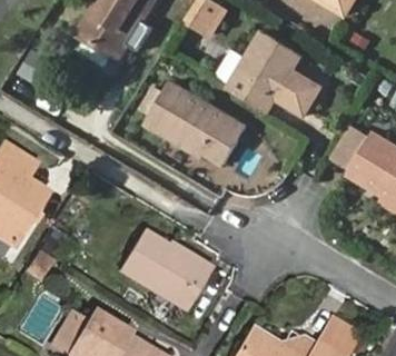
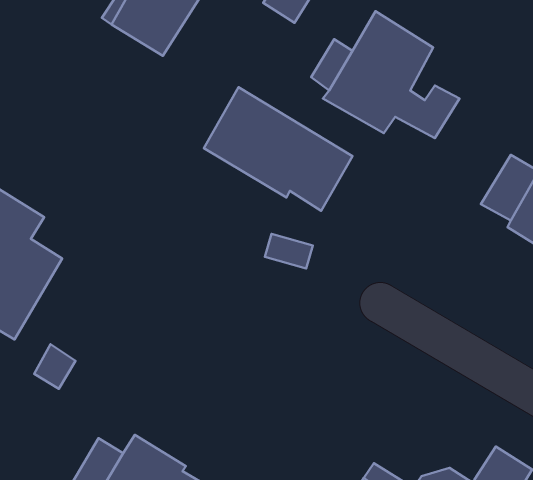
building: [120,234,215,314] -> none

